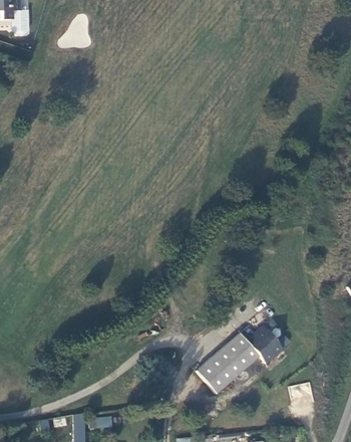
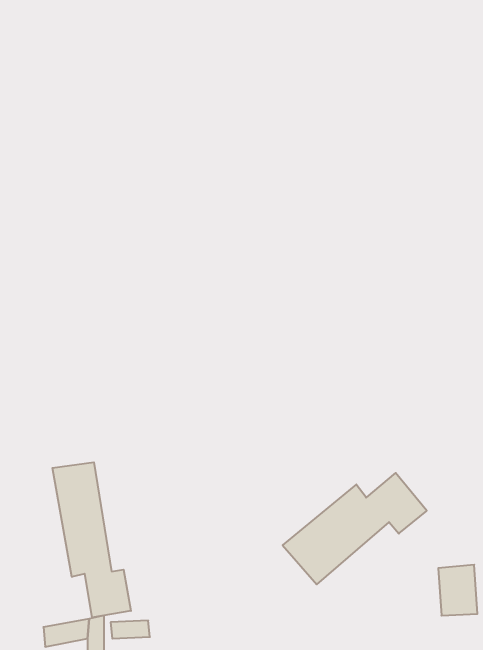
building: none -> [52,462,131,618]

